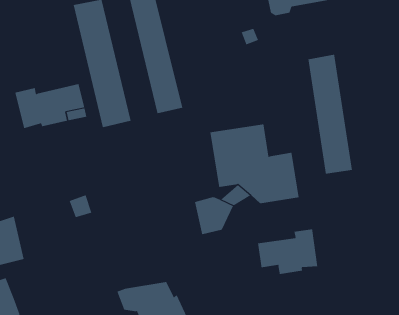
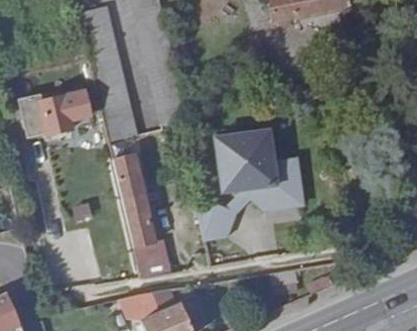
building: [308,54,353,175] -> none
building: none -> [113,155,180,279]
building: [258,229,318,275] -> none

